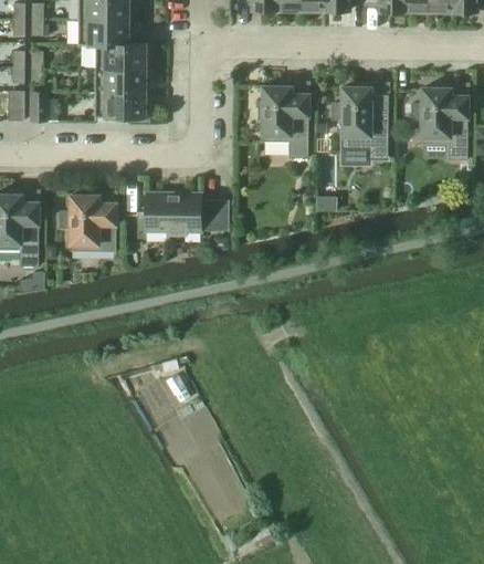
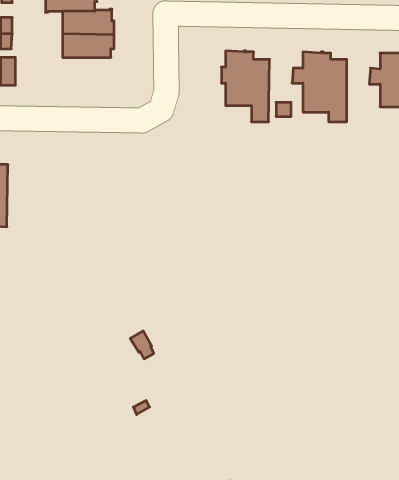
building: [95,92,148,119] -> none
building: [146,194,228,236] -> none
building: [60,195,116,250] -> none

